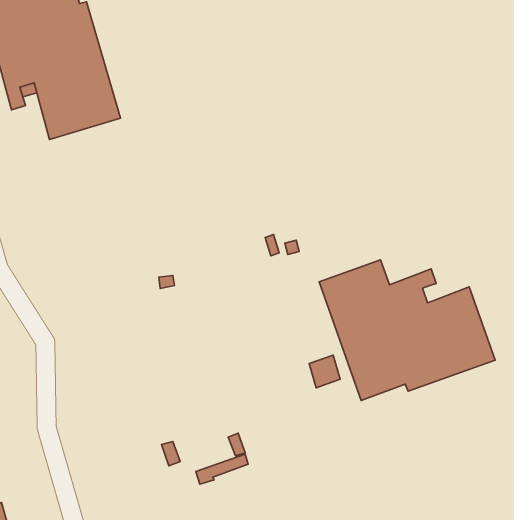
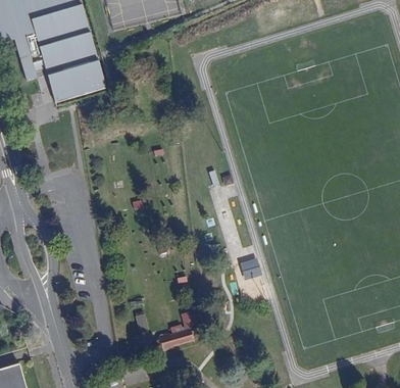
building: [319,260,495,401] -> none

